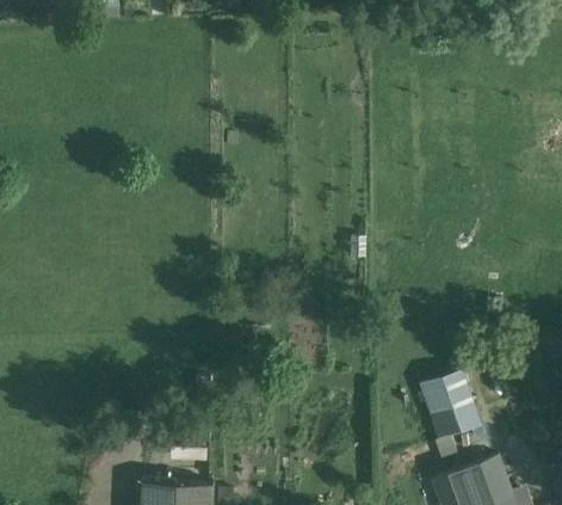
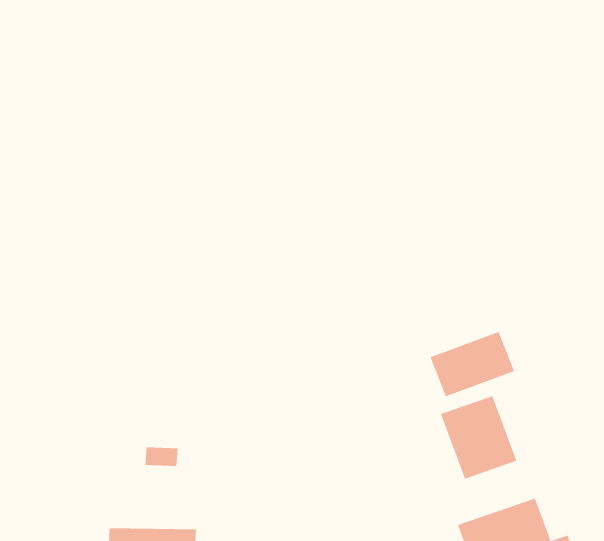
building: none -> [430,331,515,397]

